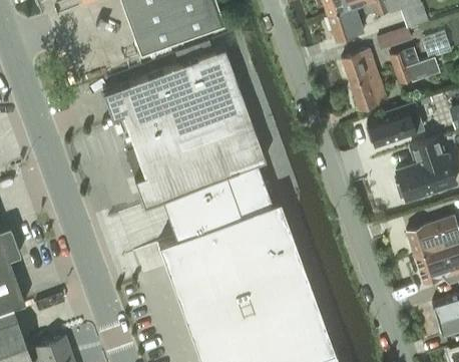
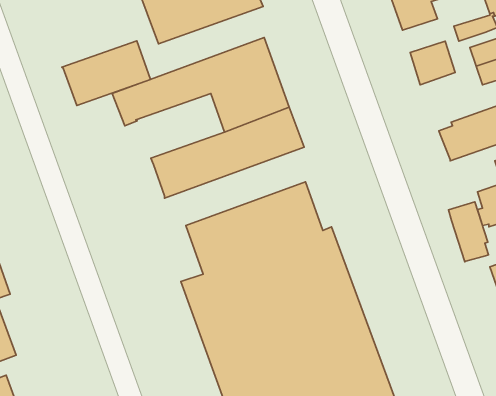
building: [350,76,387,111] -> none
building: [121,93,192,145] -> [62,41,150,106]
building: [133,136,266,206] -> none
building: none -> [449,202,488,262]

